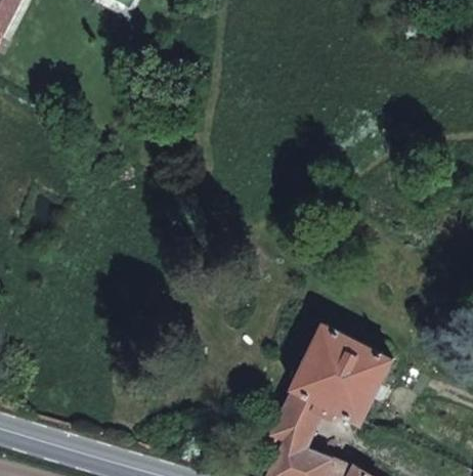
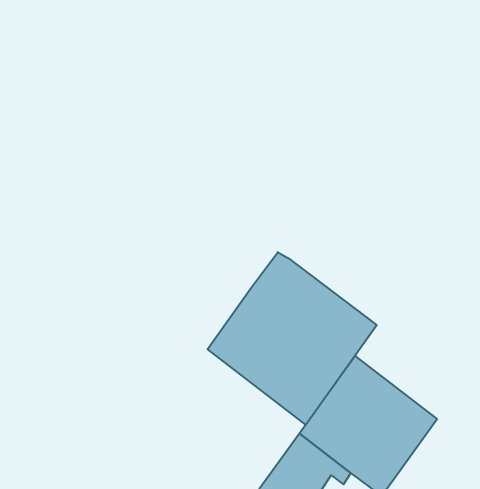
building: none -> [208,252,377,425]

